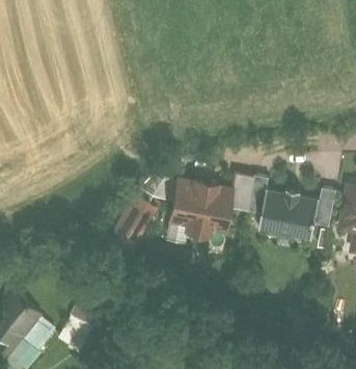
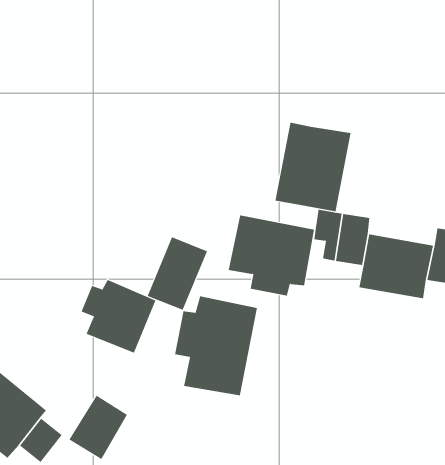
building: none -> [275,122,351,212]
building: none -> [81,279,156,353]
building: none -> [174,296,257,396]

